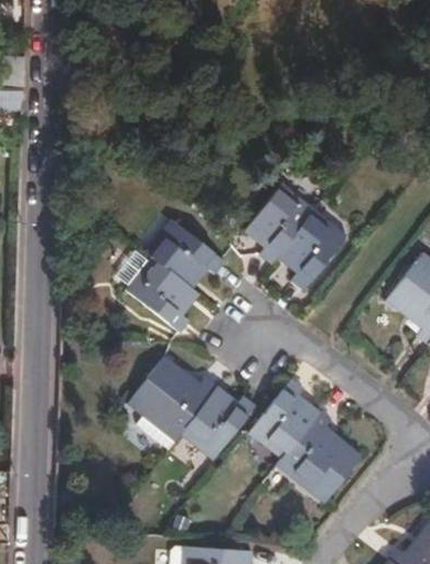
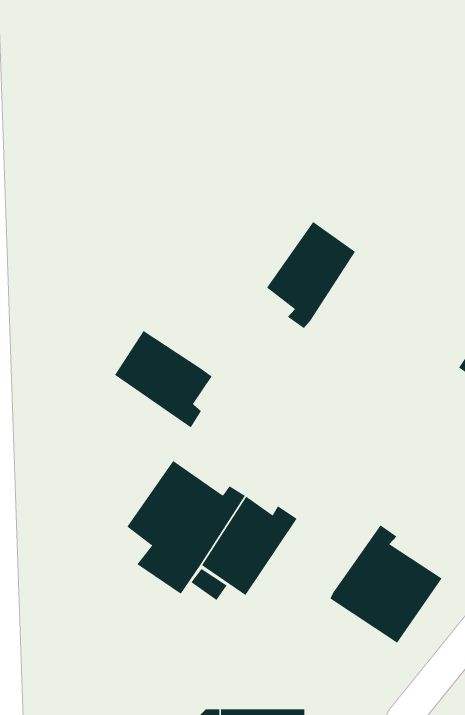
building: [278,208,350,291] -> none
building: [144,218,226,288] -> none
building: [251,383,319,462] -> none

